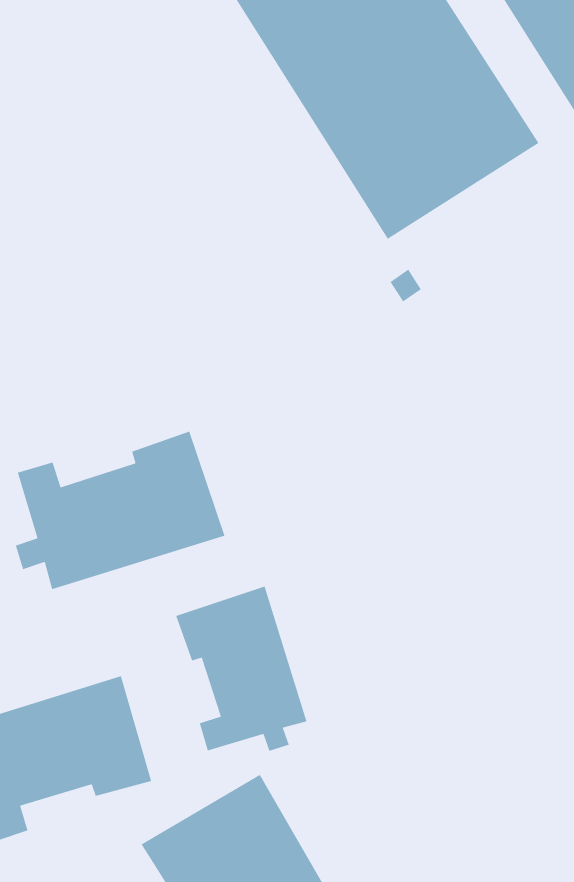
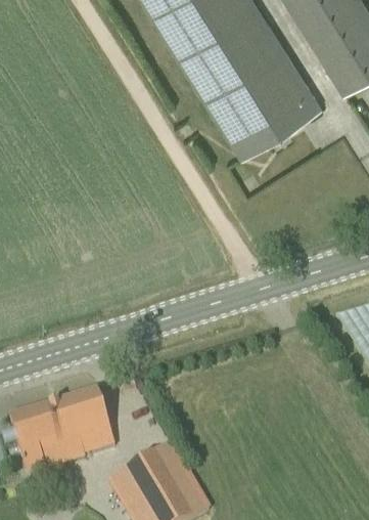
building: [15,430,225,590] -> none
building: [175,585,307,752] -> none

